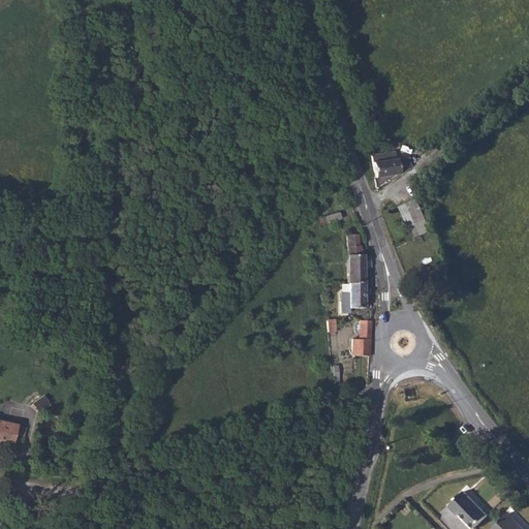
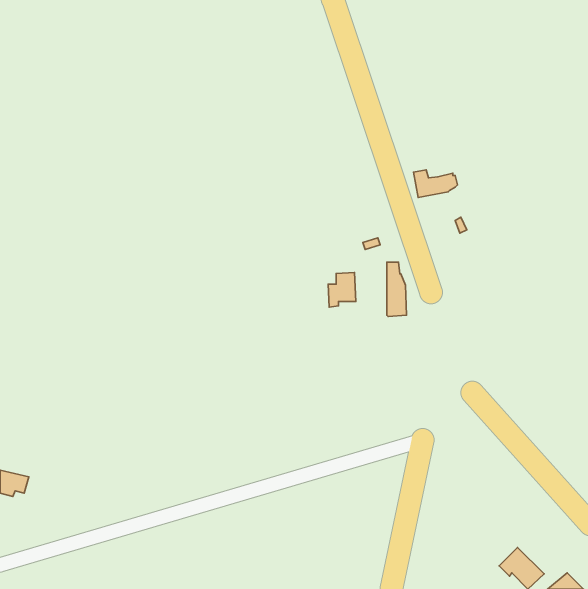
building: [342,282,367,313] -> [328,272,356,307]
building: [355,321,373,357] -> none

